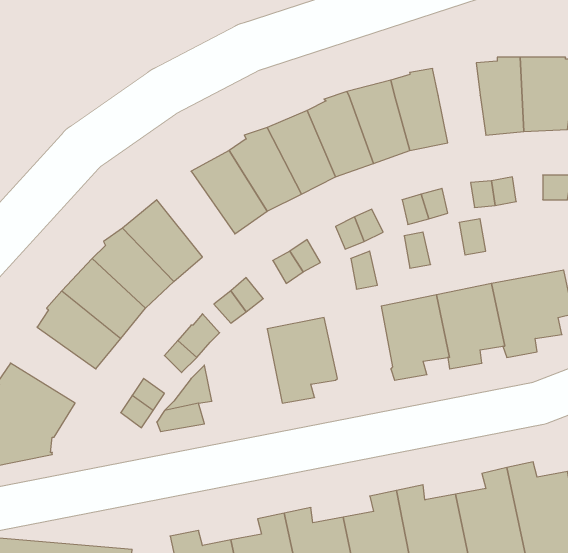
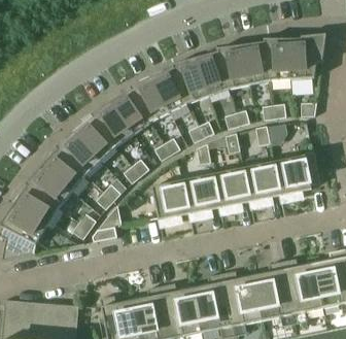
building: none -> [241,42,270,86]
building: none -> [92,101,134,147]
building: none -> [182,174,219,221]
building: none -> [12,185,59,227]

